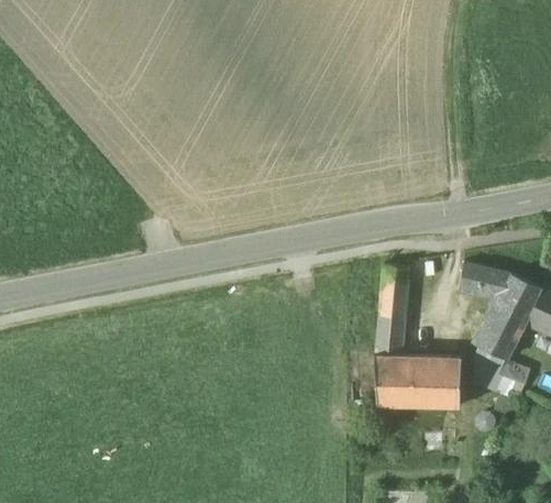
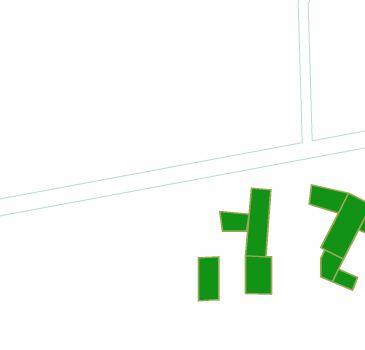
building: none -> [220,212,249,231]
building: [411,357,461,407] -> none
building: none -> [198,257,219,301]

